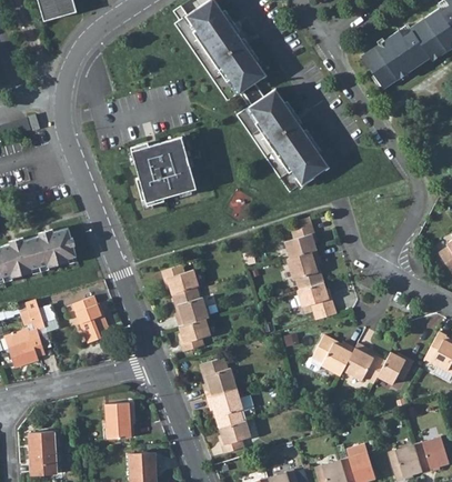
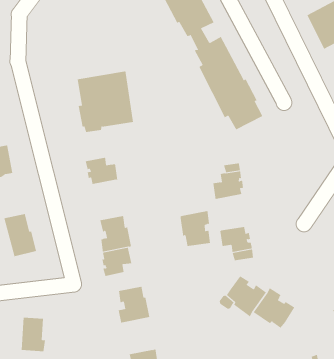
building: [288,250,323,290] -> [180,211,211,247]
building: [162,264,199,294] -> [85,157,118,185]
building: [378,353,414,385] -> none
building: [207,389,243,430] -> none

